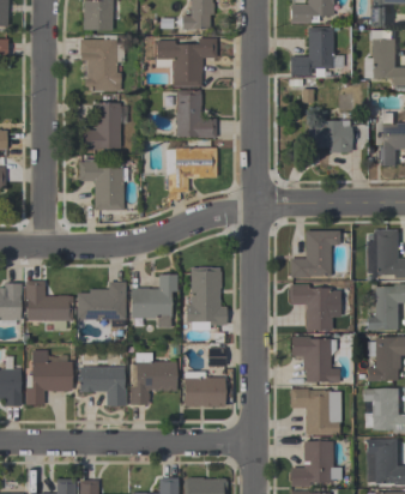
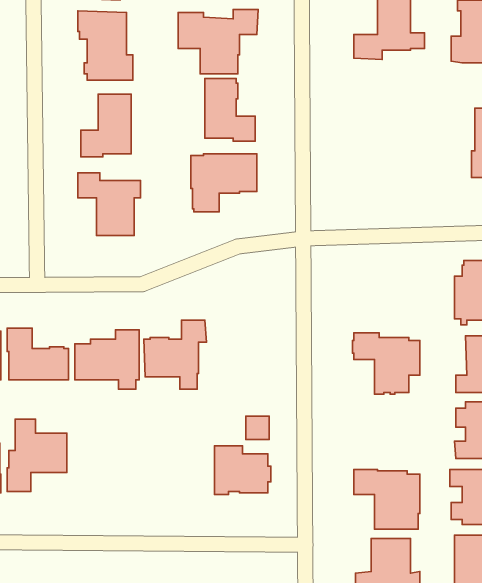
building: [307,120,351,152] -> none
building: [290,231,339,278] -> none
building: [186,266,225,330] -> none
building: [291,336,339,382] -> none
building: [129,351,176,405] -> none
building: [78,367,125,406] -> none

